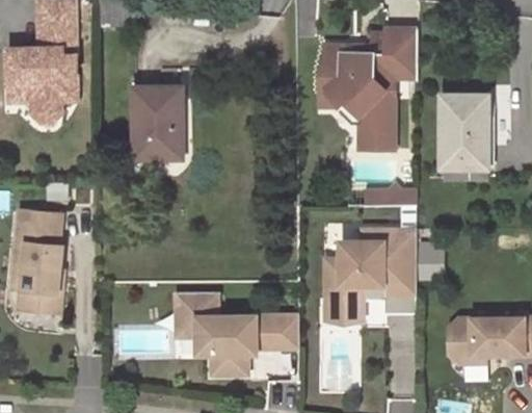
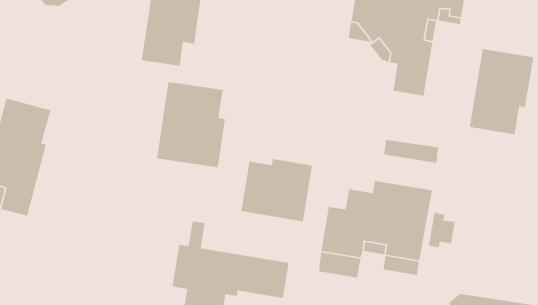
building: none -> [156,81,226,168]
building: none -> [240,158,313,222]
building: [176,292,205,336] -> none

